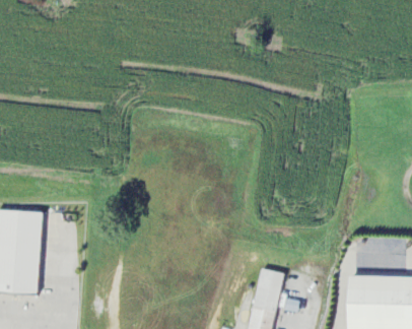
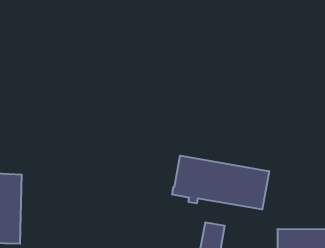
building: none -> [172,156,269,210]

